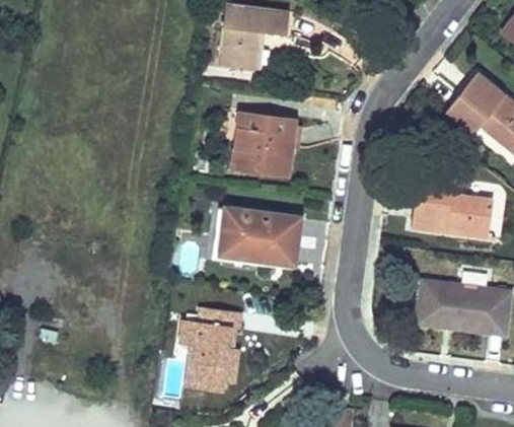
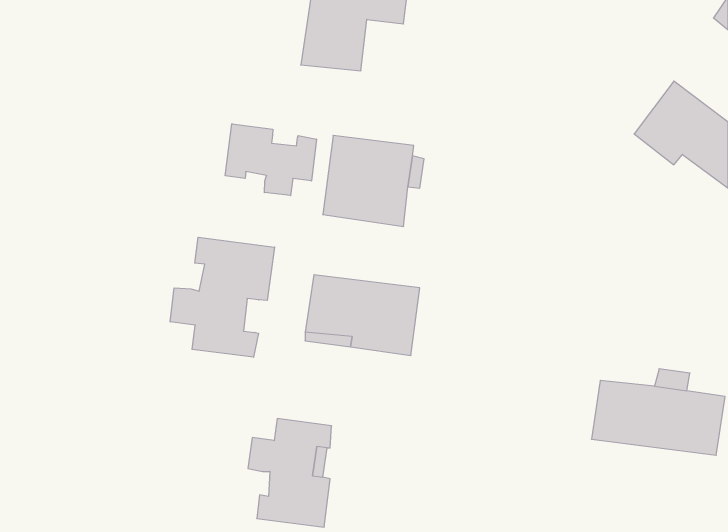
building: none -> [225,124,316,196]
building: [412,181,493,237] -> none
building: none -> [170,237,275,357]

